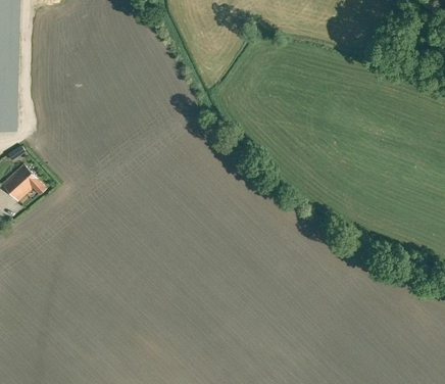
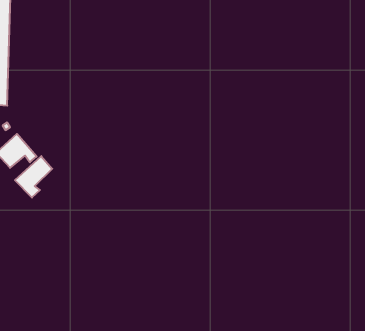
building: none -> [15,156,52,198]

